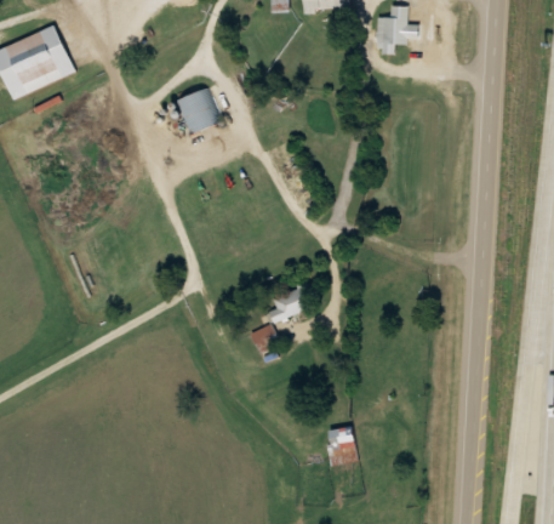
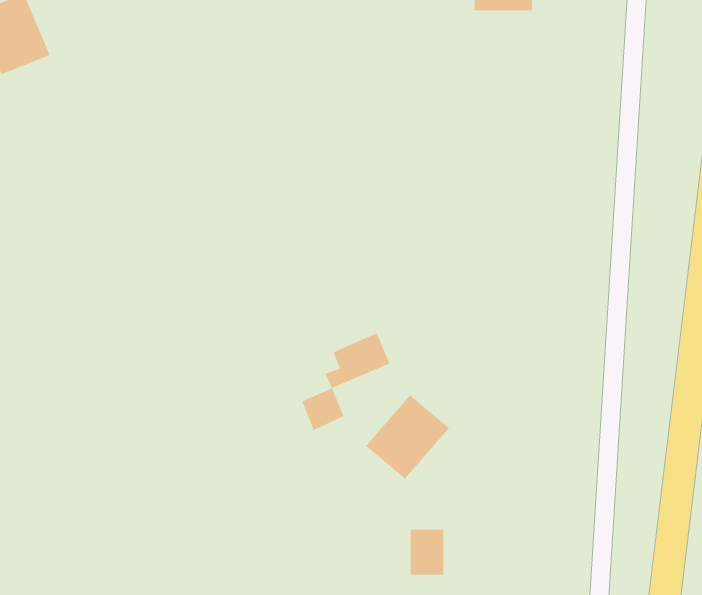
building: [175,89,219,135] -> none
building: none -> [365,395,450,480]

